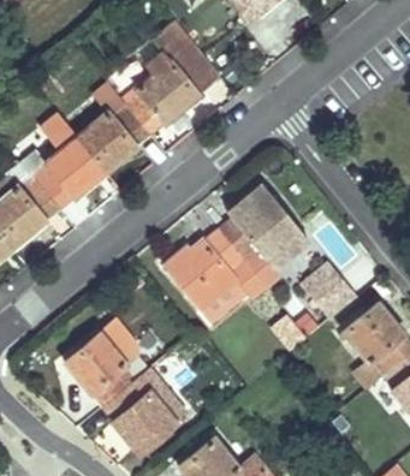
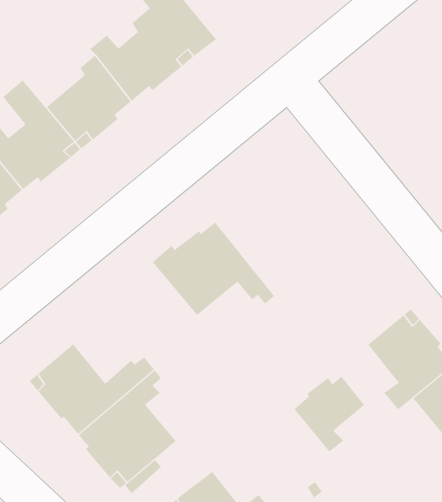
building: [218,184,320,338] -> none
building: [301,258,361,321] -> none
building: none -> [294,376,365,453]

